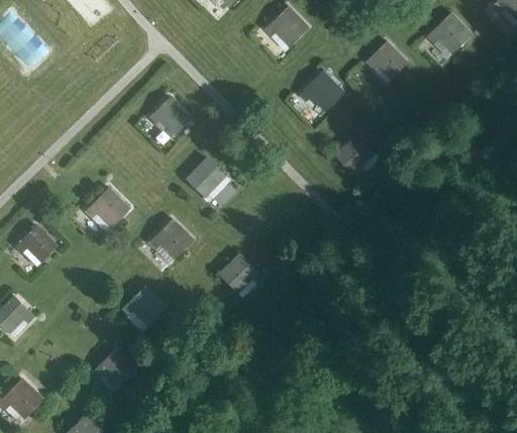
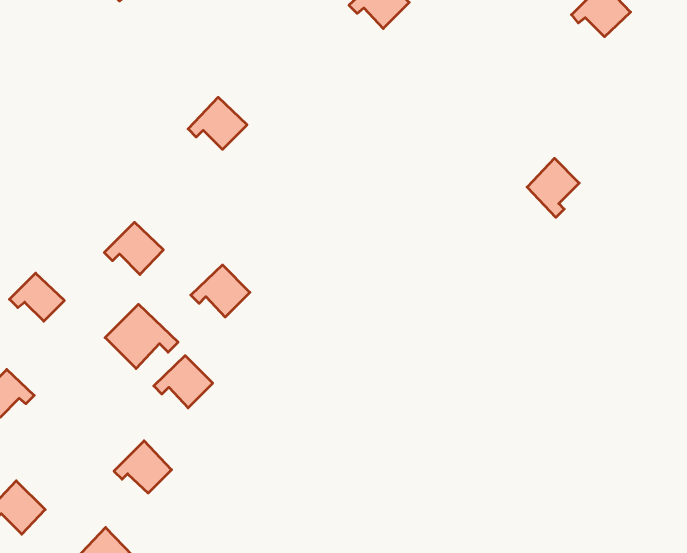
building: [367,42,407,78] -> none
building: [300,72,343,111] -> none
building: [336,134,375,178] -> [527,158,579,217]
building: [186,158,224,197] -> none
building: none -> [105,304,178,369]
building: [218,253,262,292] -> none

